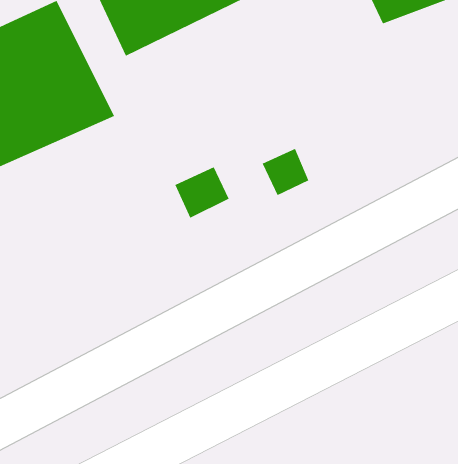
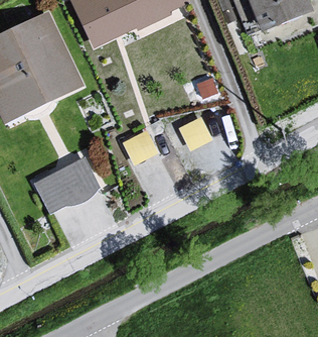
building: none -> [34,145,103,207]

